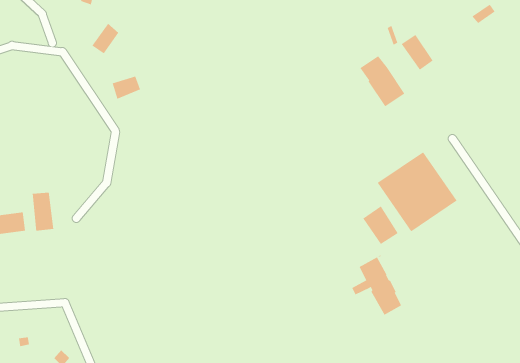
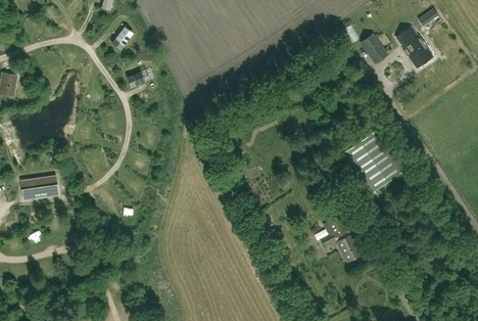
building: [360,56,405,107] -> [396,26,433,67]
building: [32,192,54,232] -> none
building: [362,206,399,245] -> none

